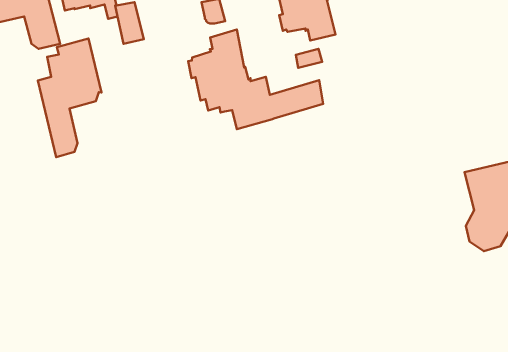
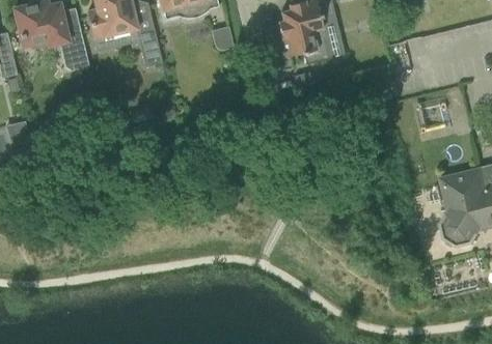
building: [188,30,323,129] -> none
building: [38,38,101,157] -> none

